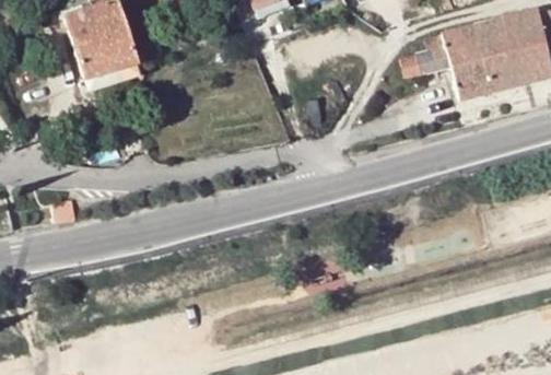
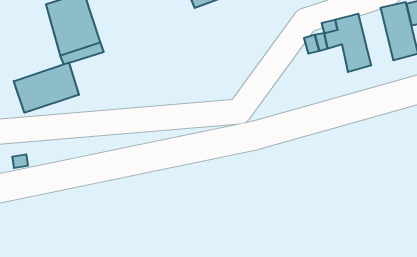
building: [473,15,518,90] -> none
building: none -> [14,63,79,113]

